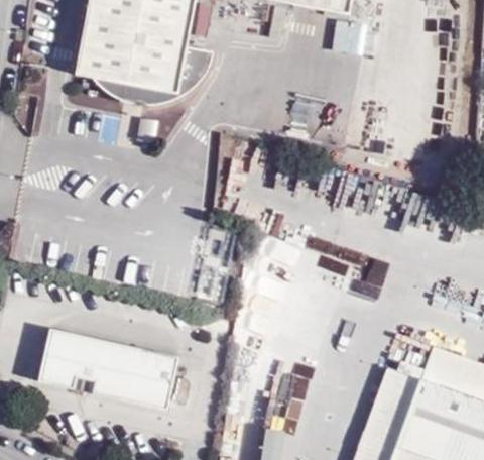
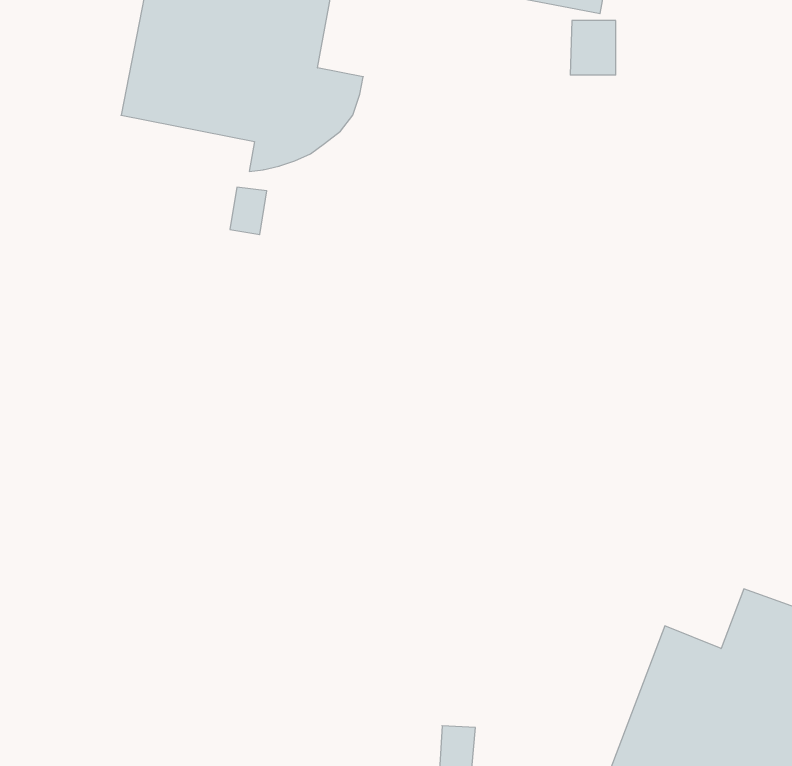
building: [36,329,179,412] -> none

